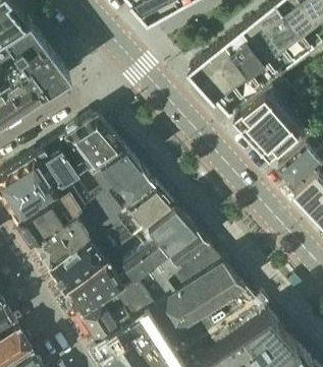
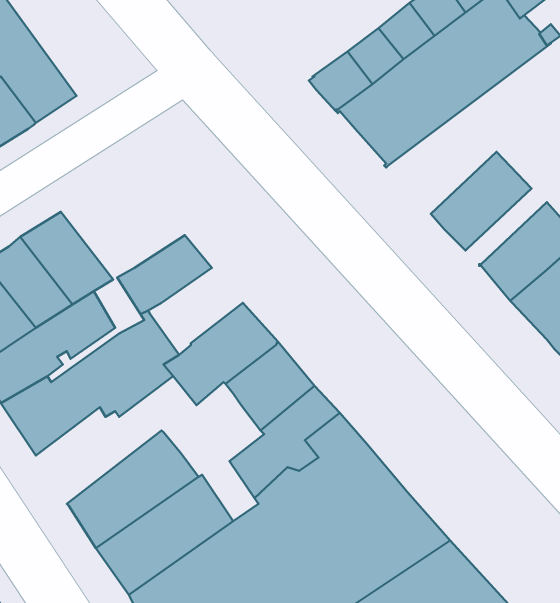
building: [234,90,288,141] -> none
building: [59,120,124,176] -> none
building: [105,170,155,209] -> none
building: [46,227,130,294] -> none
building: [122,242,166,280] -> none

